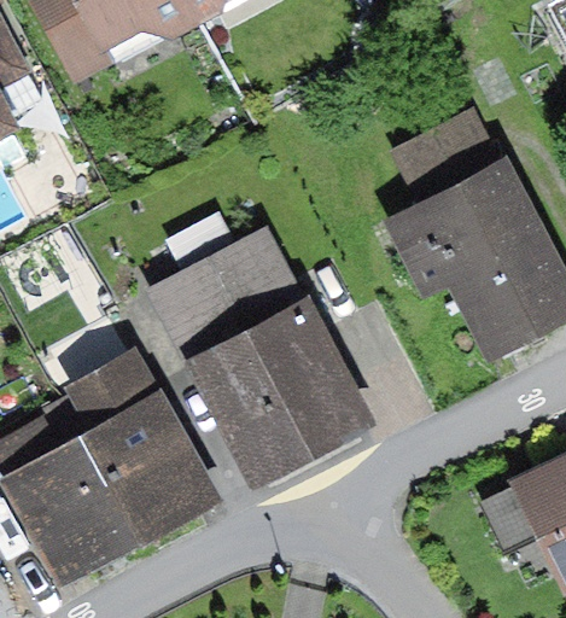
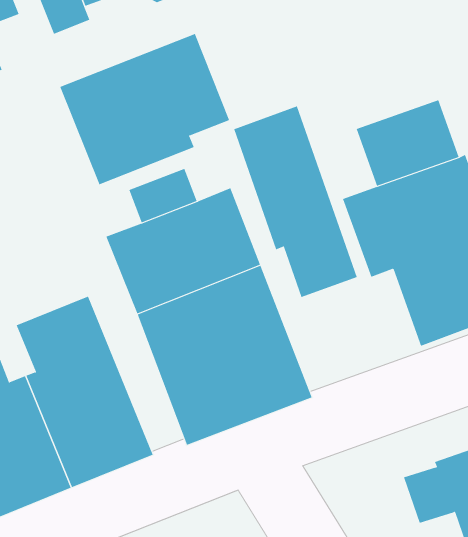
building: none -> [60,33,230,185]
building: none -> [233,106,357,298]

